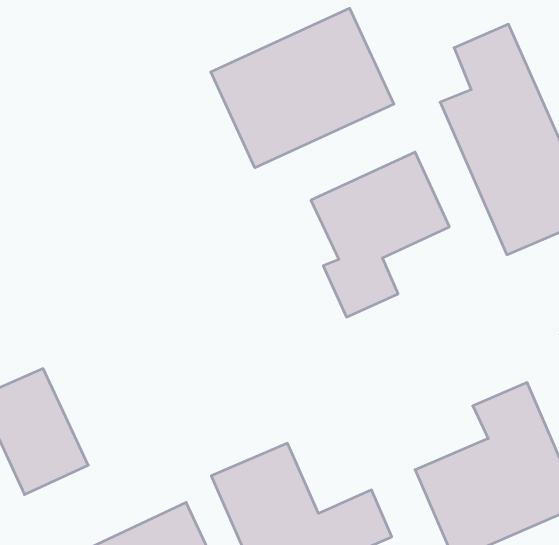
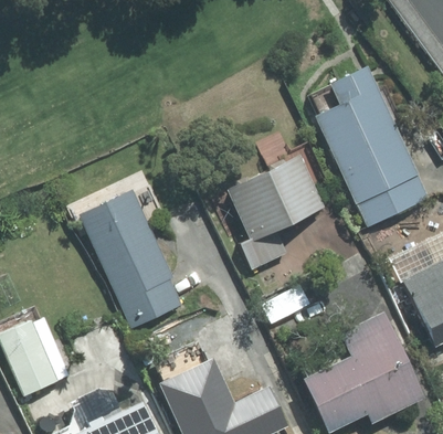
building: [211,8,394,168] -> none
building: none -> [82,197,181,328]

